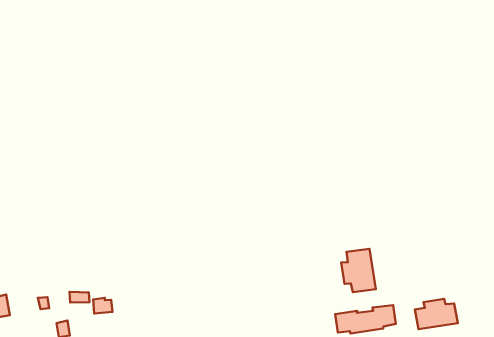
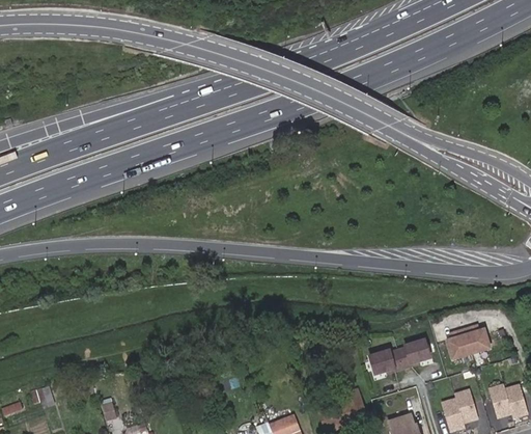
building: [341,249,376,292] -> none

